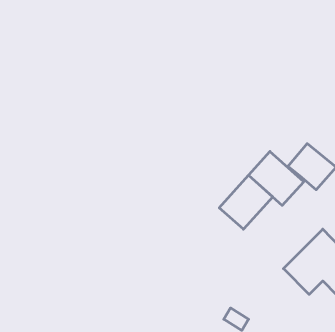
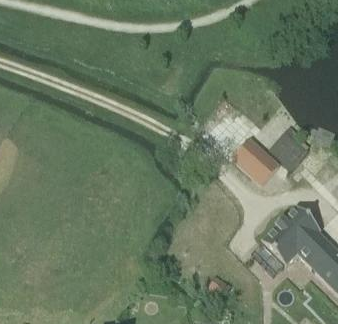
building: [219,175,273,229] -> none

